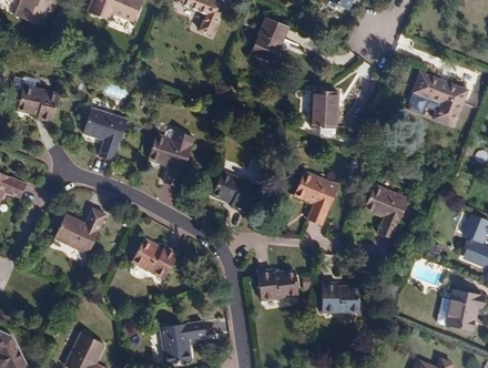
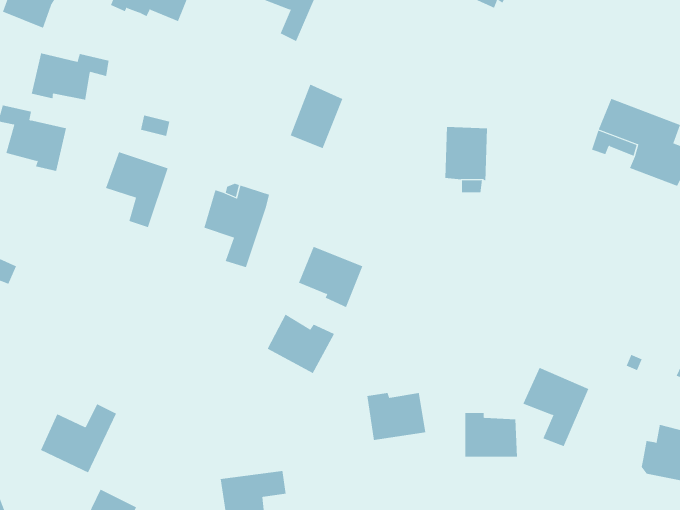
building: [252,18,287,61] -> [290,84,343,149]
building: none -> [31,52,109,101]
building: [294,171,337,224] -> none
building: [364,184,408,237] -> [523,367,589,447]
building: [54,207,105,254] -> [40,404,117,473]
building: [132,238,177,278] -> [267,314,335,374]

